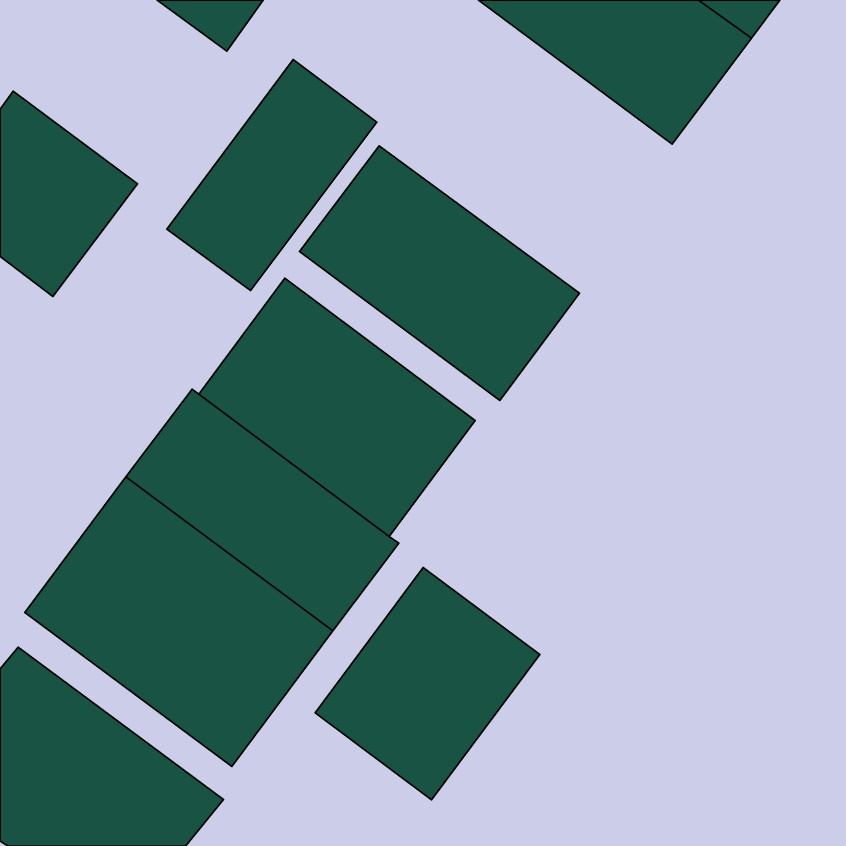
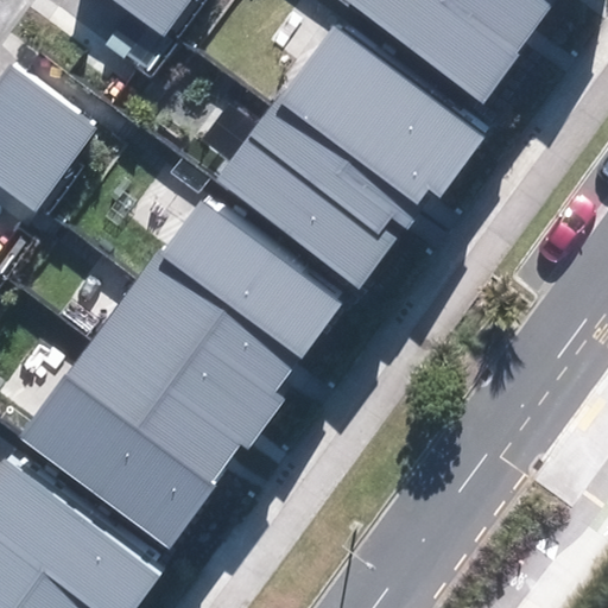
building: none -> [281,26,484,204]
building: [167,59,377,291] -> none
building: [315,567,540,800] -> none

